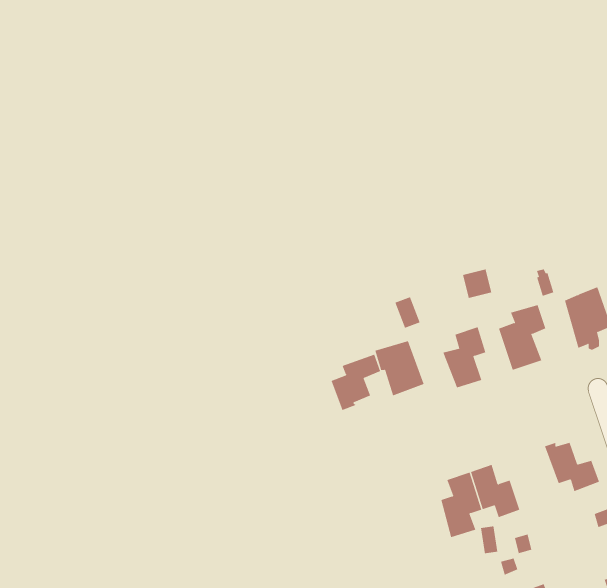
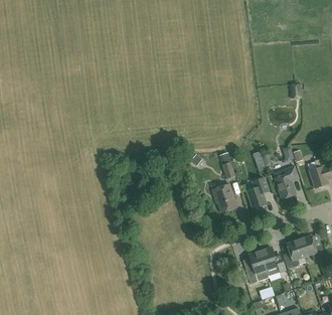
building: [331,354,381,411] -> none
building: none -> [284,238,305,269]

